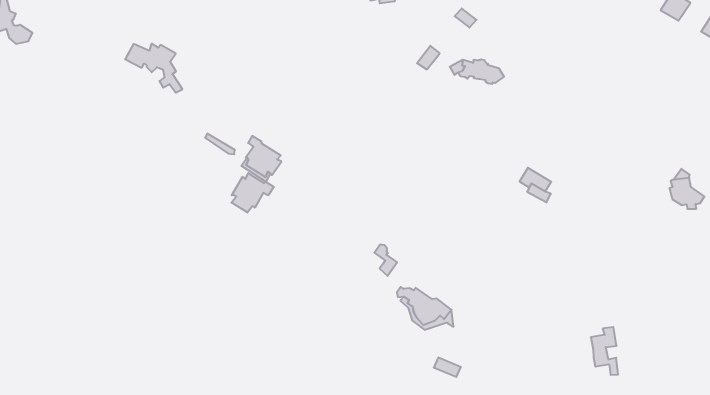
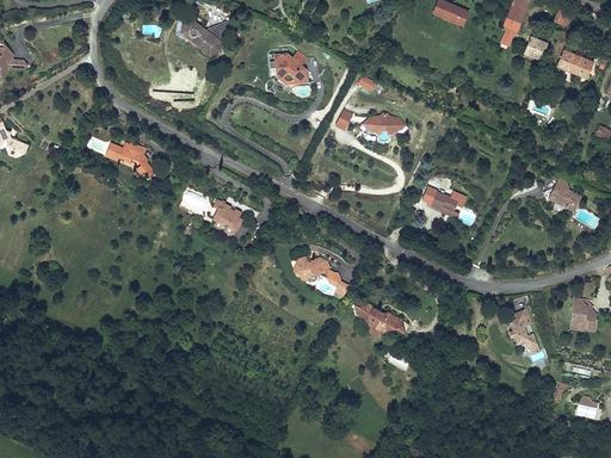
building: [231,173,274,213] -> none
building: none -> [292,255,326,283]
building: none -> [569,298,594,333]

